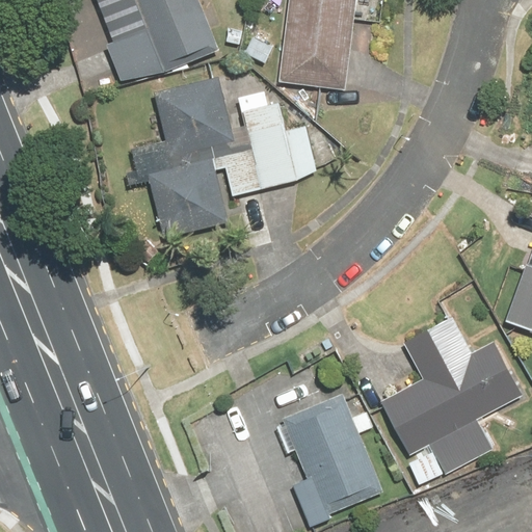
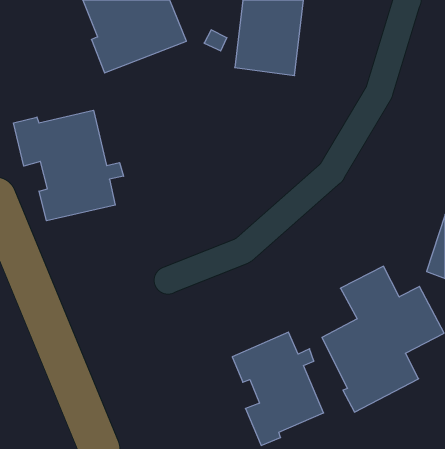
building: [131,73,316,239] -> none
building: none -> [14,110,124,221]

